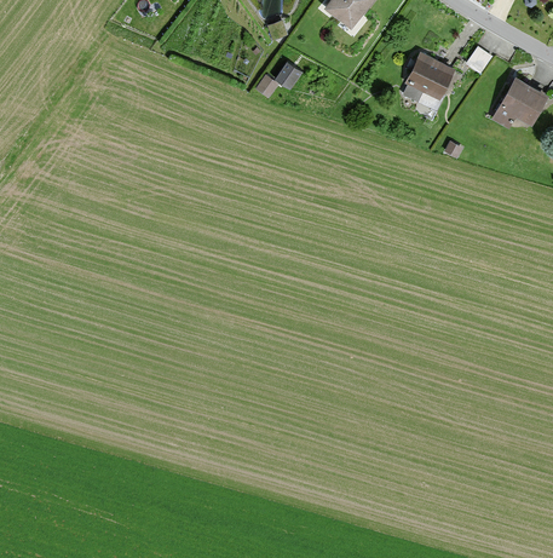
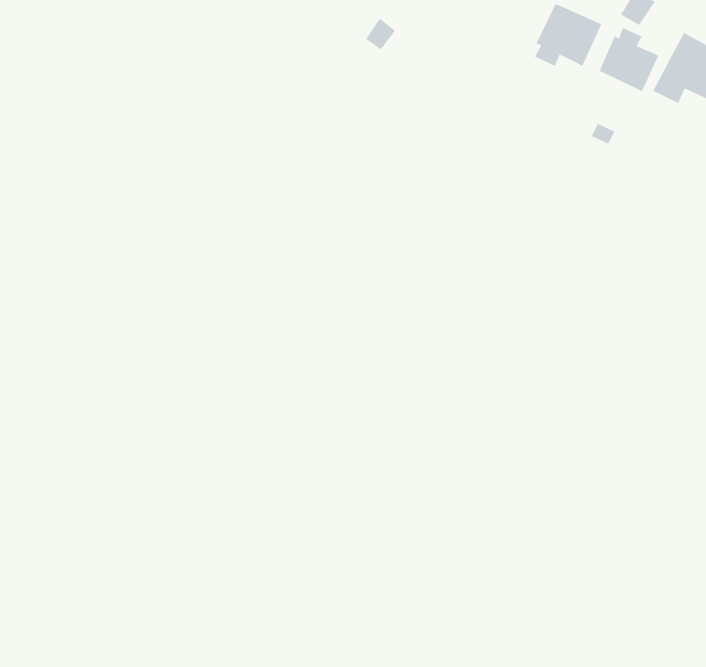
building: none -> [599,27,659,92]

